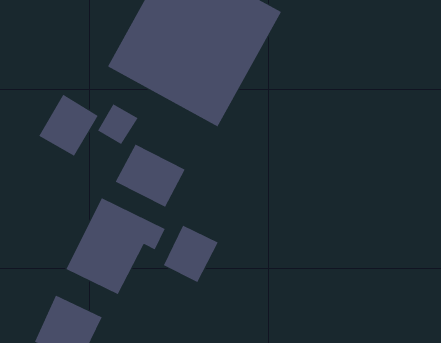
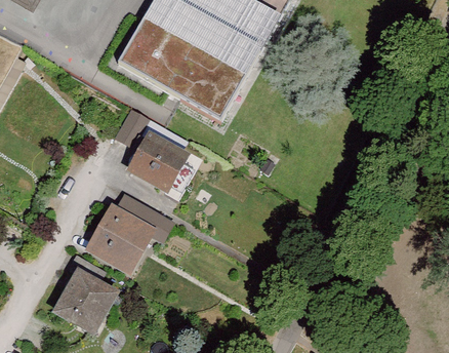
building: [38,94,99,157] -> none
building: [163,225,218,283] -> none

